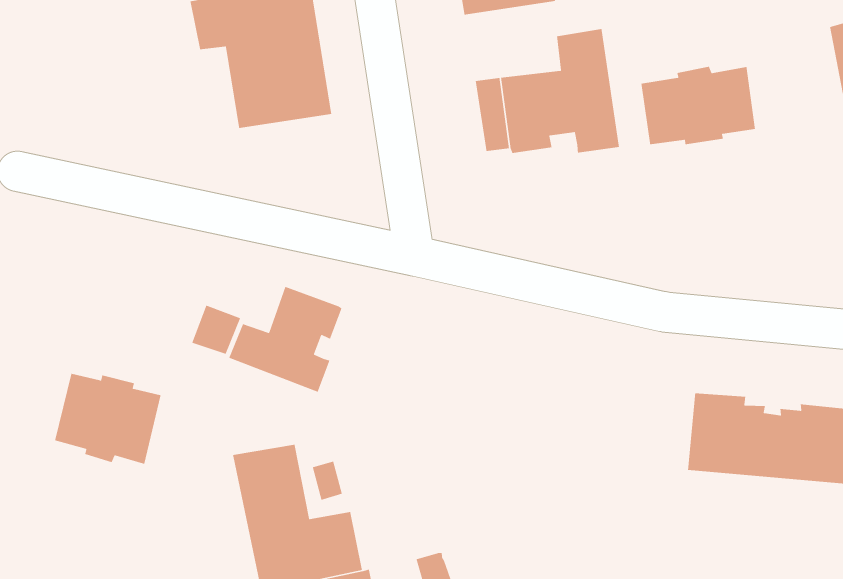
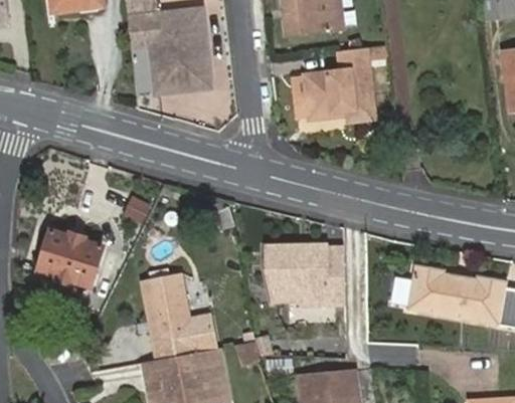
building: [640,66,756,145] -> none
building: [228,286,343,393] -> none
building: none -> [270,244,347,307]

